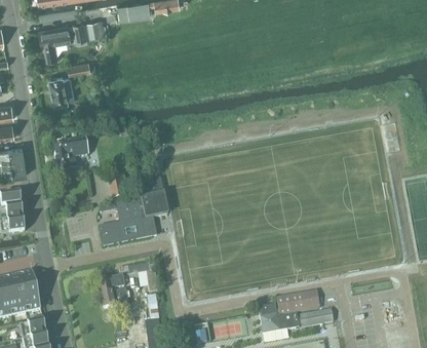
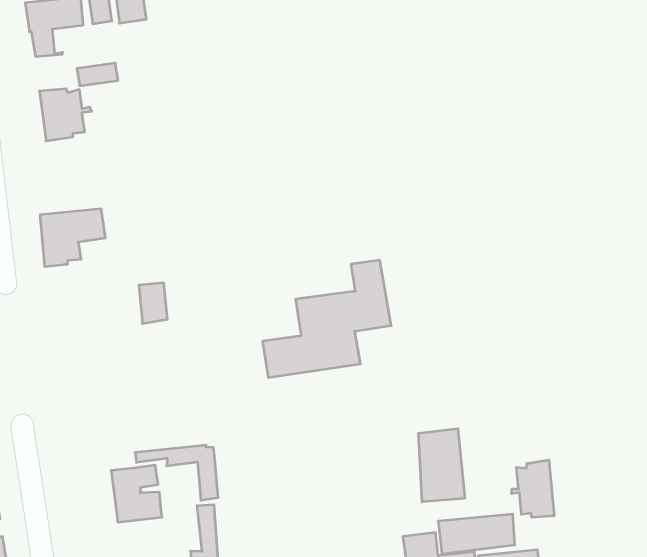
building: [100,179,168,245] -> [263,260,391,378]
building: none -> [418,429,465,502]
building: none -> [512,460,554,517]

